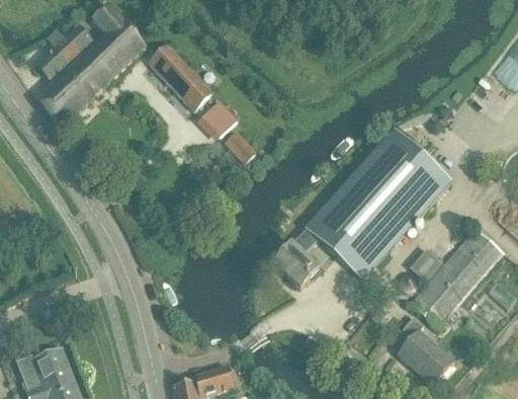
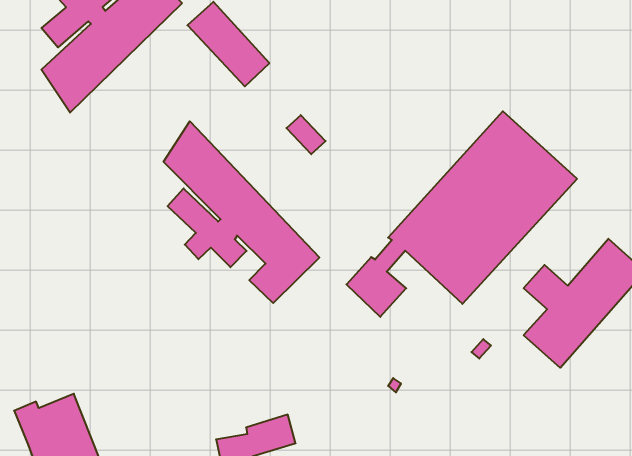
building: [195,101,238,143] -> none
building: none -> [164,121,319,303]
building: [396,316,453,384] -> none

